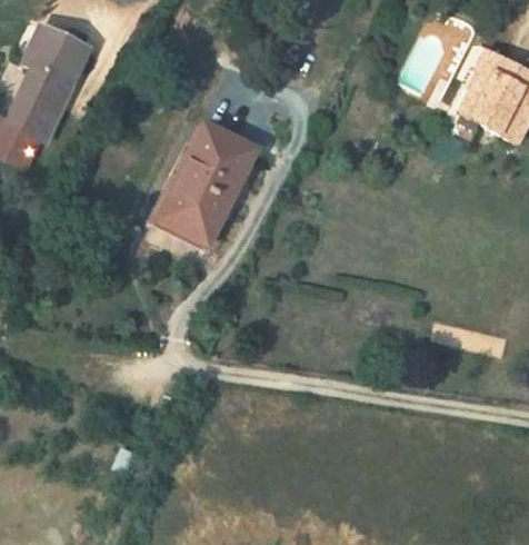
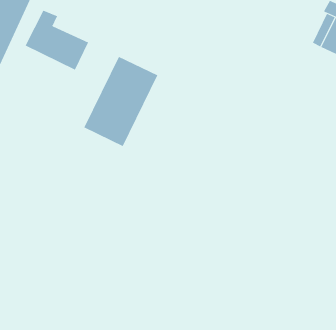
building: none -> [25,10,89,71]

